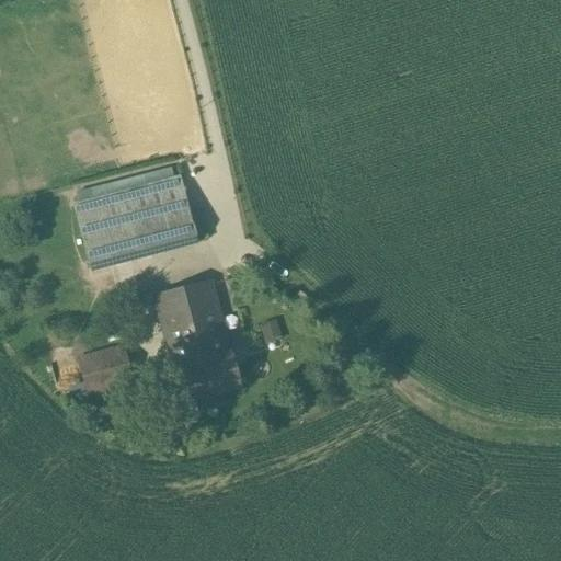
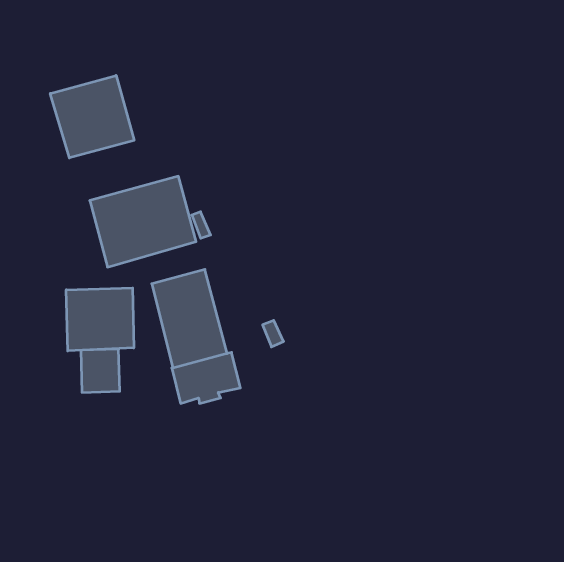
building: none -> [50,75,134,158]
building: none -> [66,288,134,351]

